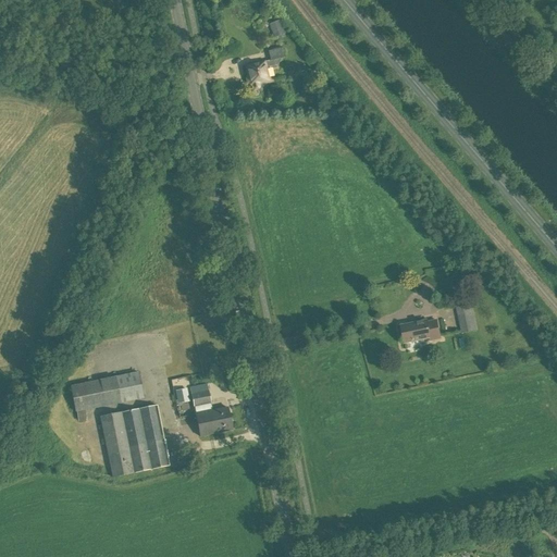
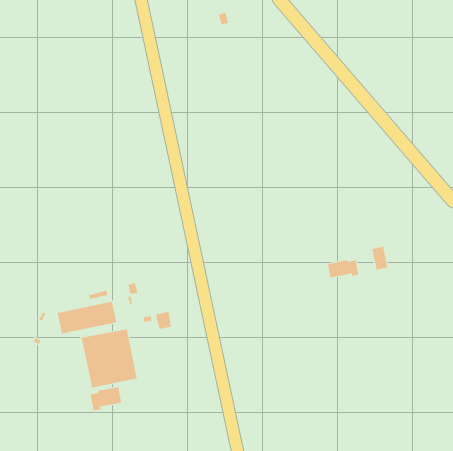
building: [246,47,285,84] -> none
building: [196,405,233,435] -> none
building: none -> [90,387,122,411]

